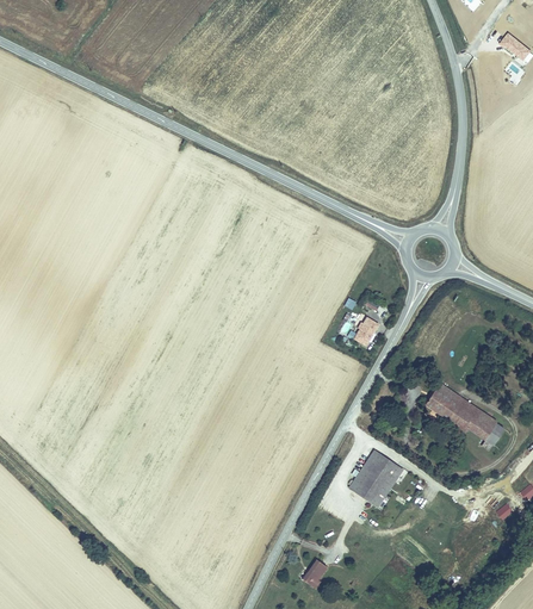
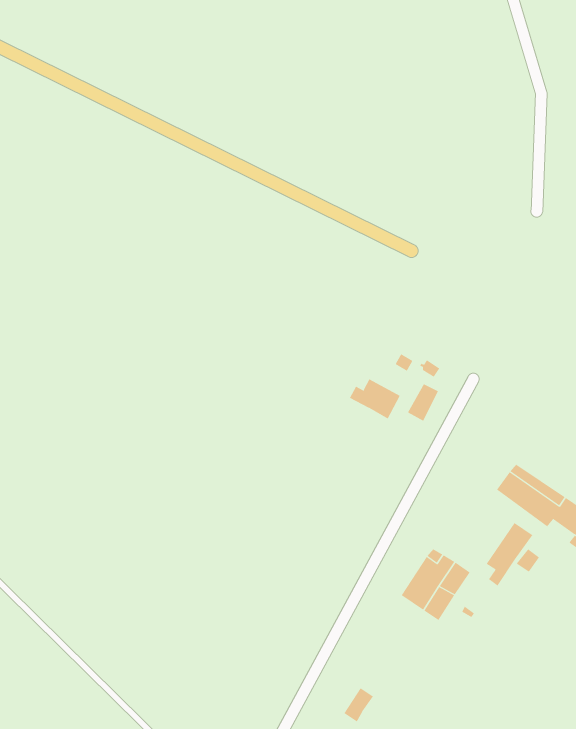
building: none -> [349,378,400,419]
building: none -> [486,522,533,586]

